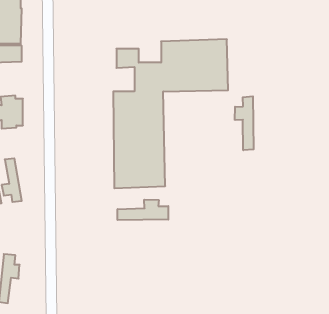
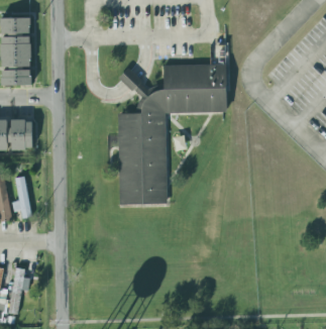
building: [235,96,254,150] -> none
building: [118,200,168,220] -> none

